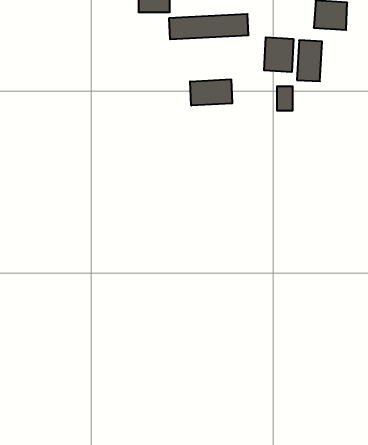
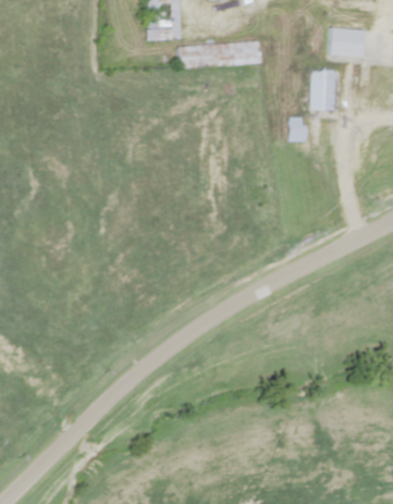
building: [264,37,293,72] -> none
building: [190,79,232,106] -> none

